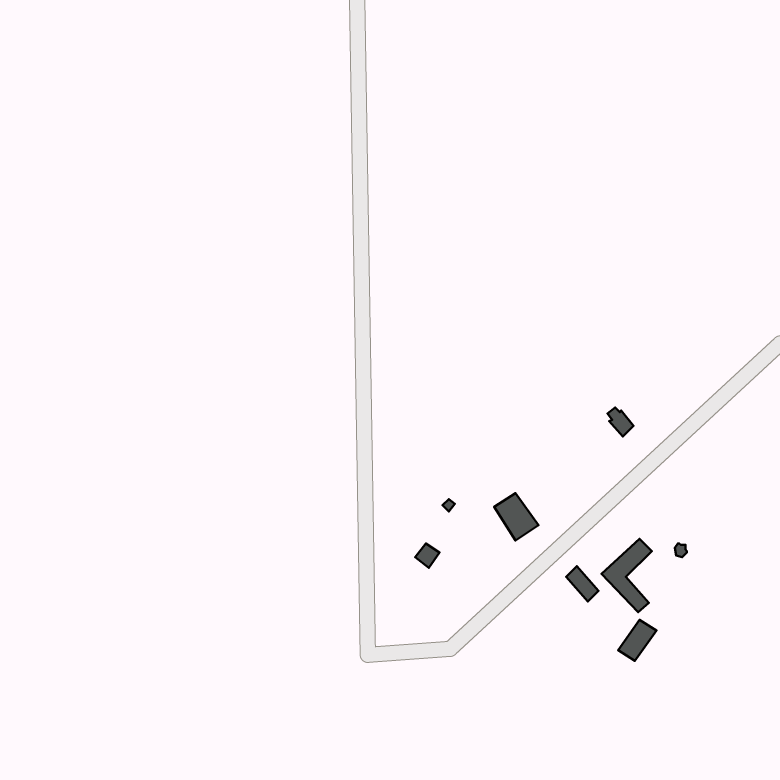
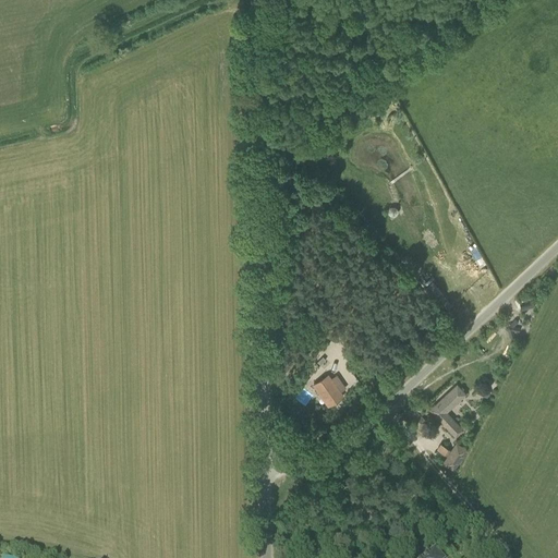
building: [494,493,538,540] -> [313,374,344,408]

